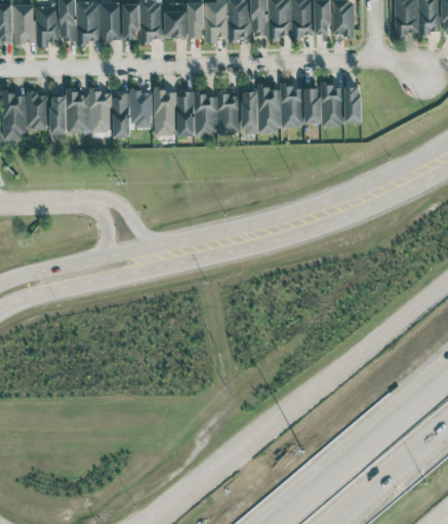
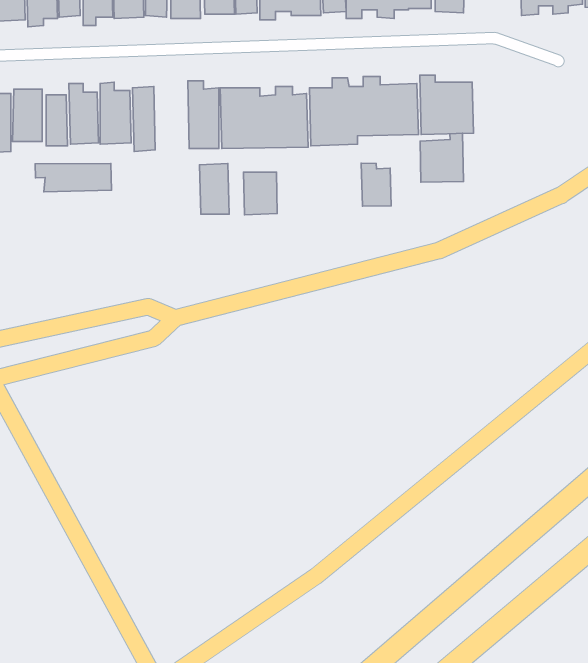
building: [130,90,152,127] -> [200,163,229,214]
building: none -> [420,133,464,182]
building: none -> [361,163,391,206]
building: none -> [35,163,111,192]
building: none -> [244,172,277,215]

